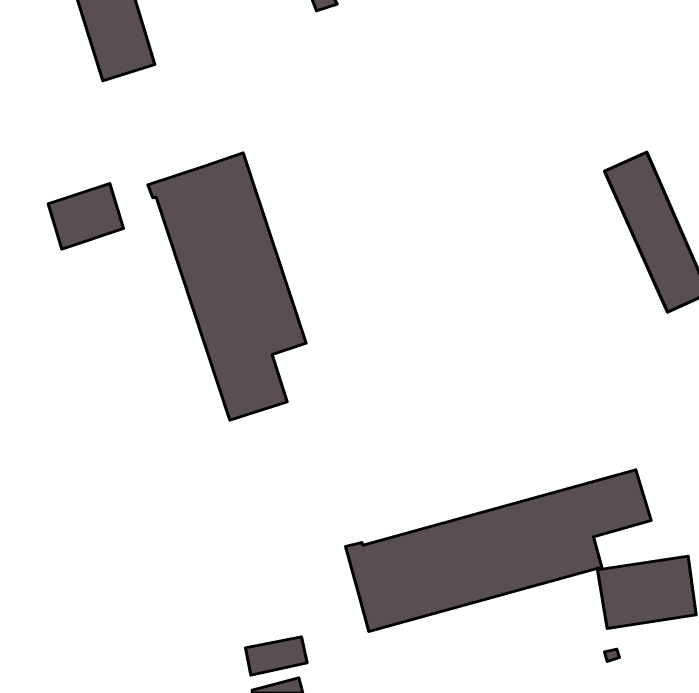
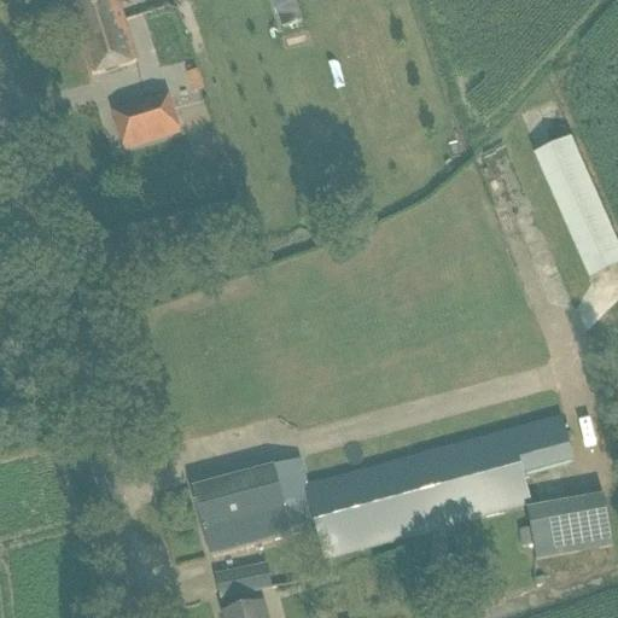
building: [148,153,306,420] -> none
building: [48,183,124,249] -> [113,88,180,146]
building: none -> [194,457,317,553]

